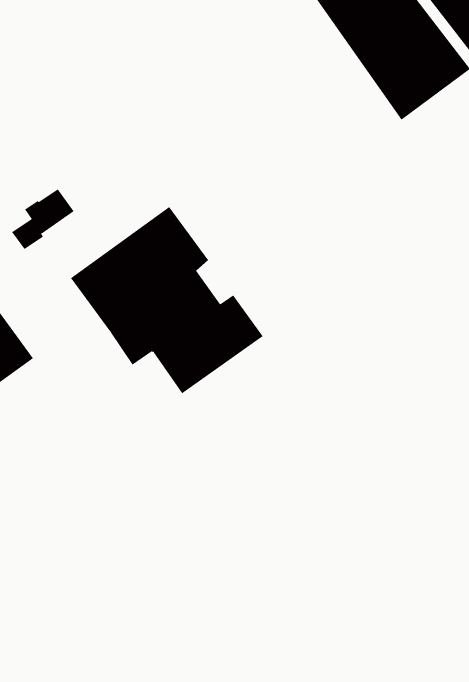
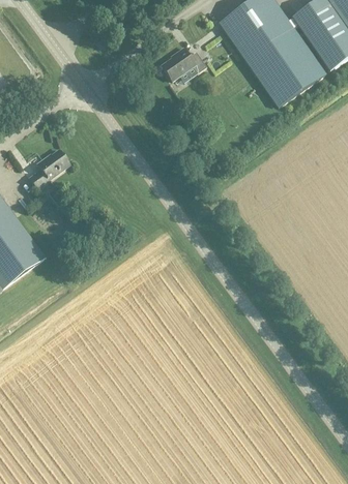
building: none -> [161,47,206,85]
building: [70,206,263,394] -> none

